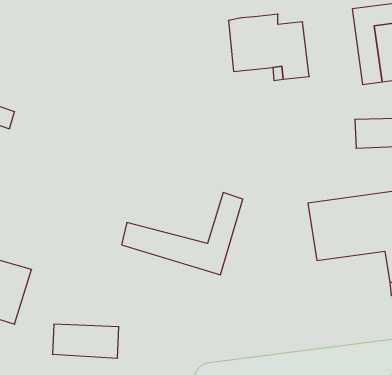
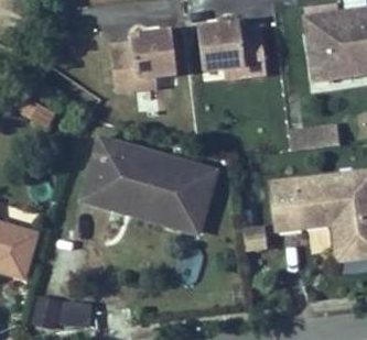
building: none -> [111,30,177,91]
building: none -> [74,143,195,217]

